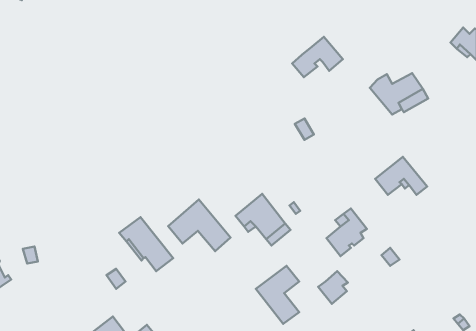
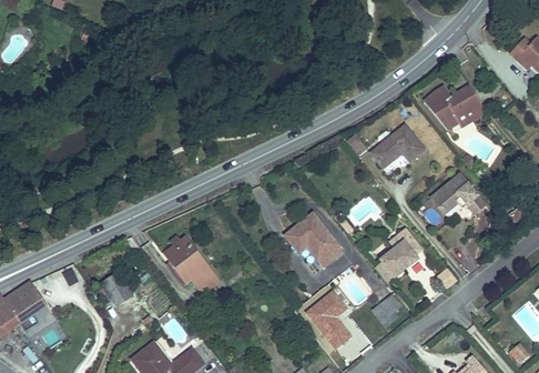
building: [292,37,343,77] -> [372,124,425,167]
building: [168,199,231,251] -> none
building: none -> [102,271,132,305]

